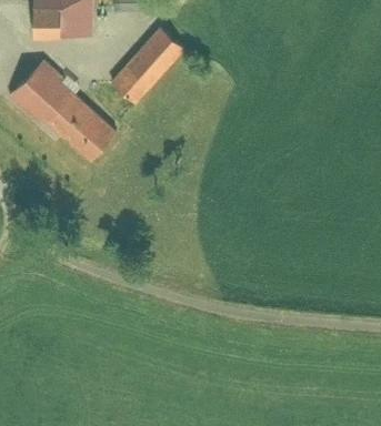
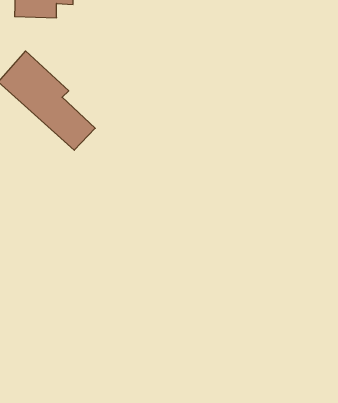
building: [116,22,189,100] -> none

